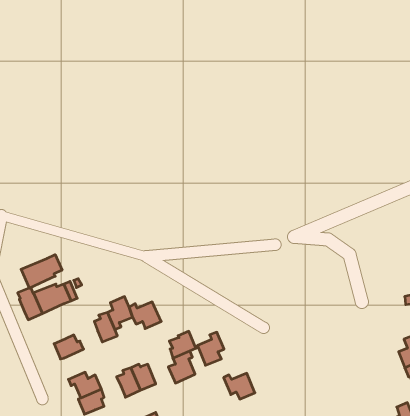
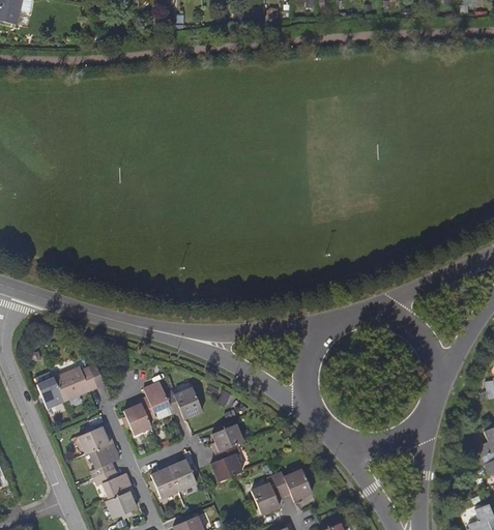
building: [21,255,62,288] -> none
building: [197,332,224,365] -> [253,475,284,513]
building: none -> [90,442,120,477]

